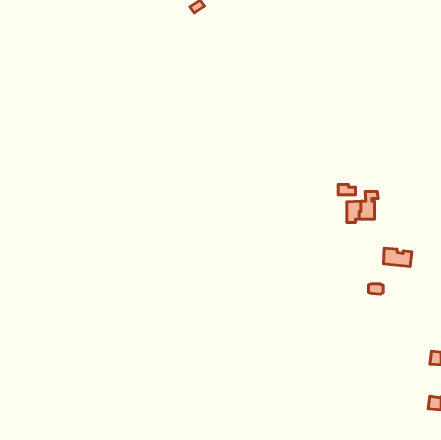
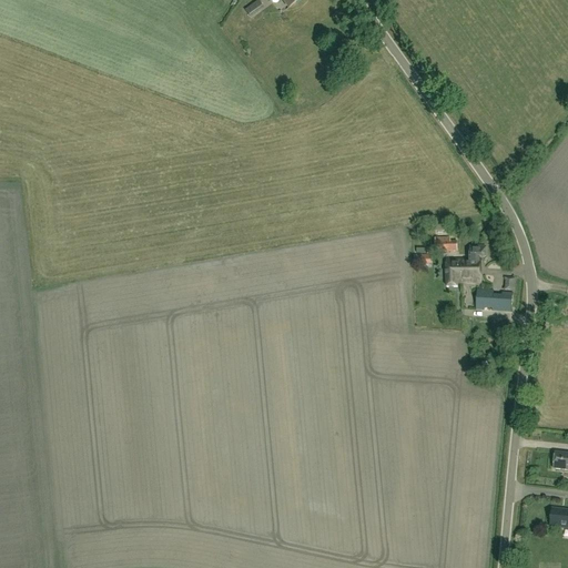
building: [383,248,412,266] -> [476,288,513,312]

